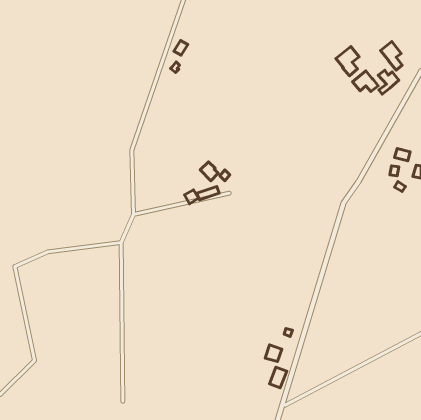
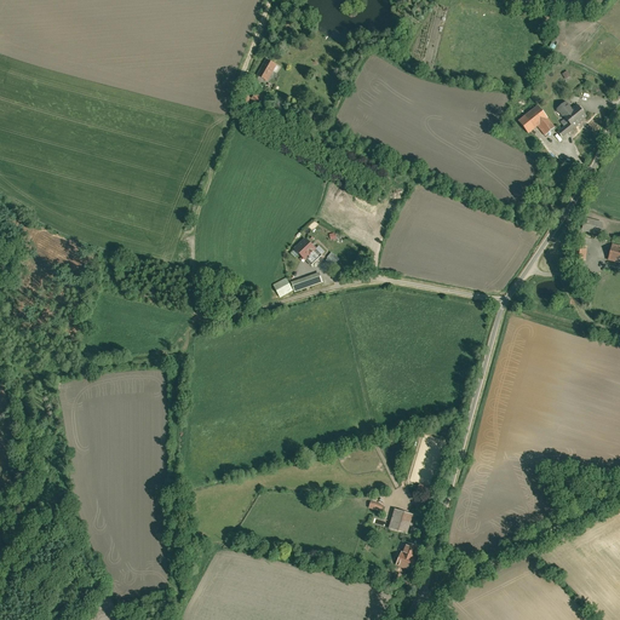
building: [381,42,402,70] -> none
building: [336,46,359,76] -> none

